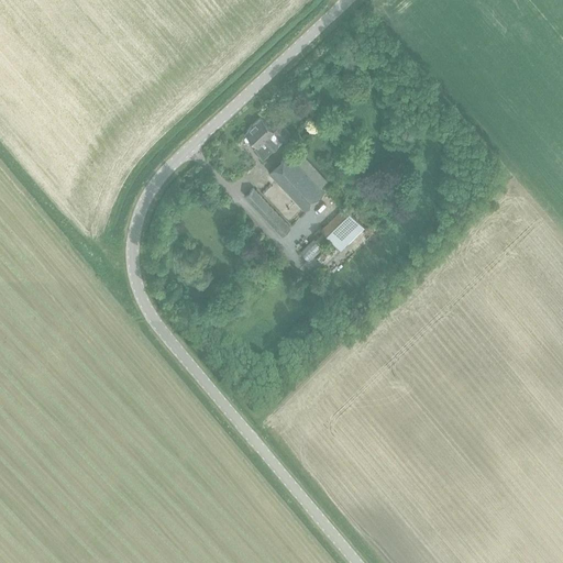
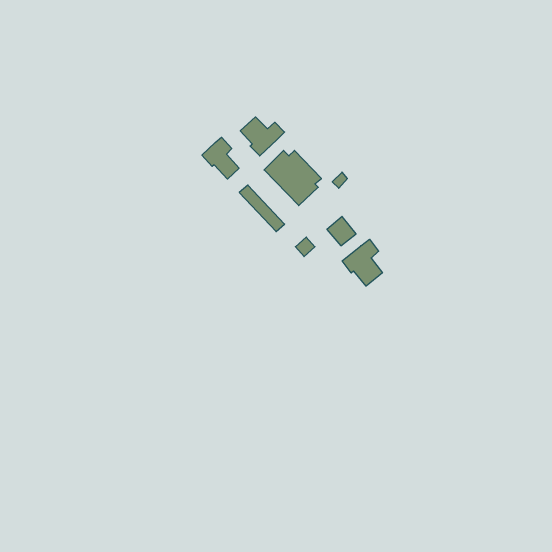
building: none -> [202,137,239,179]
building: none -> [342,239,382,286]

